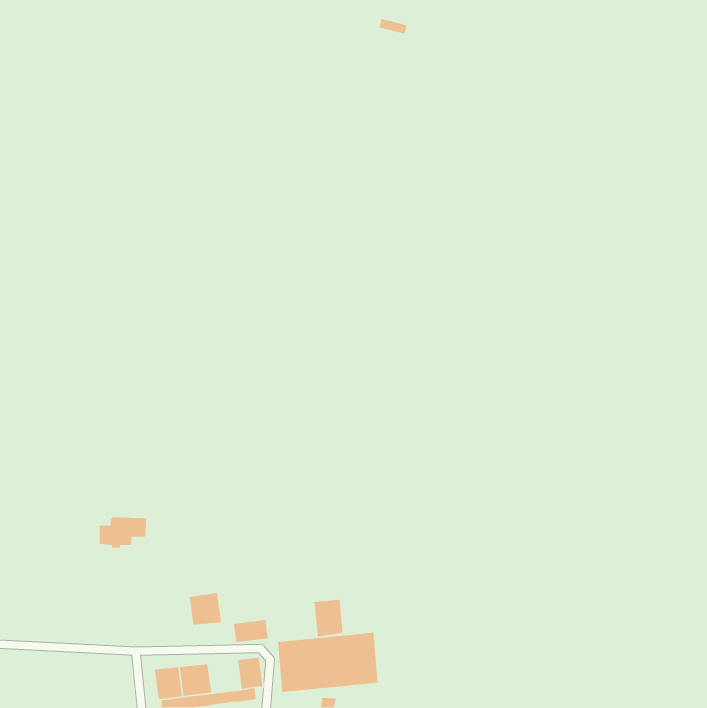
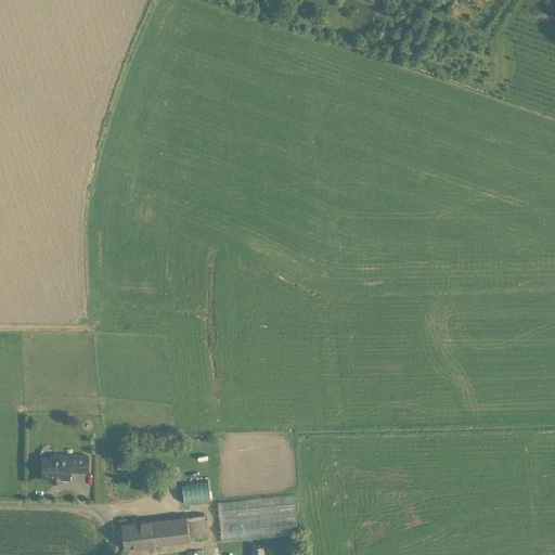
building: [99,517,147,548] -> [42,454,80,479]
building: [189,592,222,625] -> [163,516,189,542]
building: [313,599,344,638] -> none

